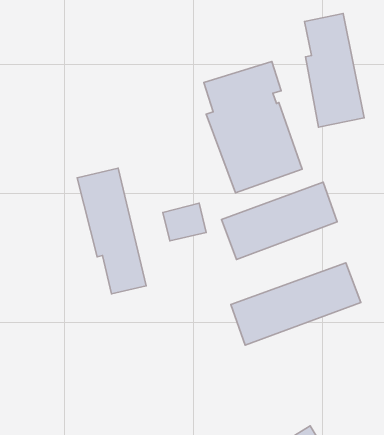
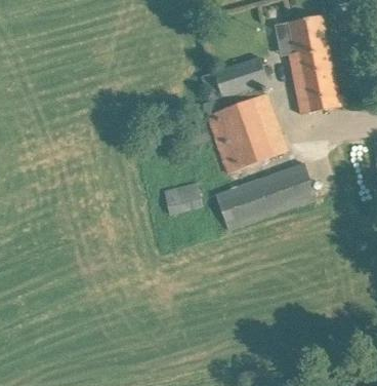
building: [77,168,146,294] -> none
building: [231,263,361,345] -> none

